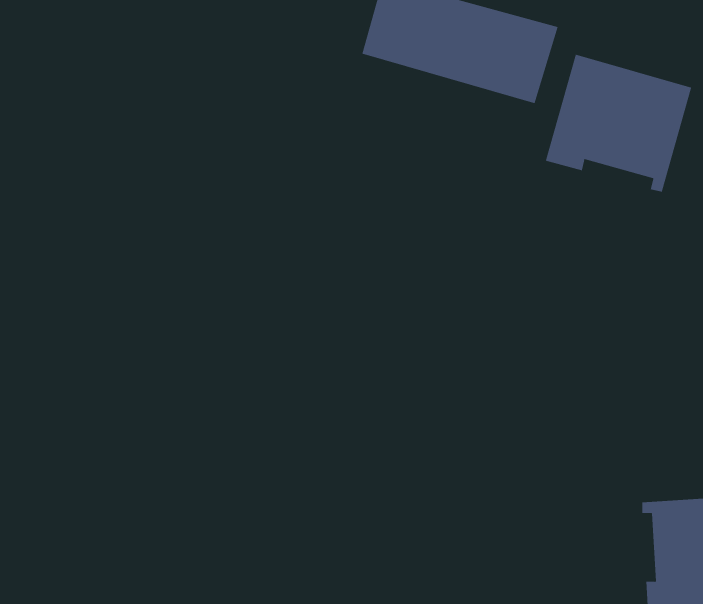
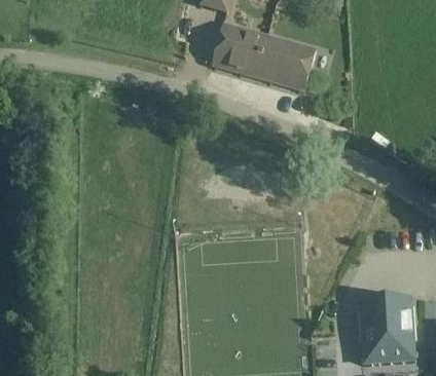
building: [545,54,692,192] -> none

